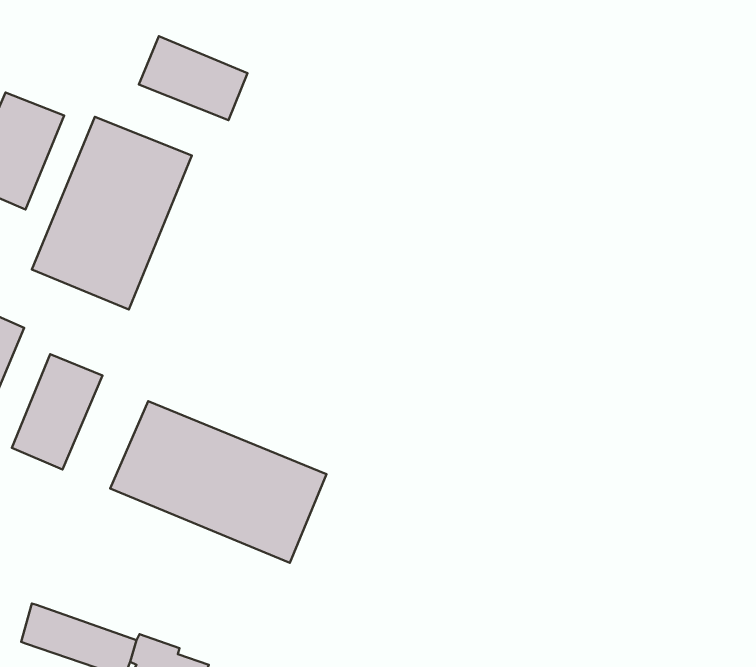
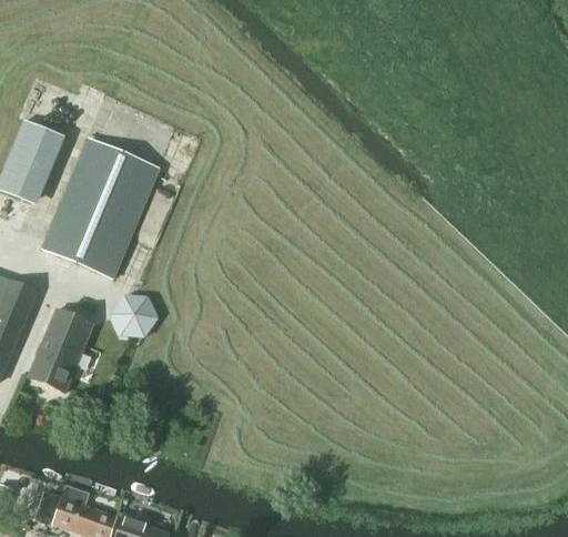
building: [139,36,247,120] -> none
building: none -> [113,295,156,336]
building: [110,401,326,563] -> none

